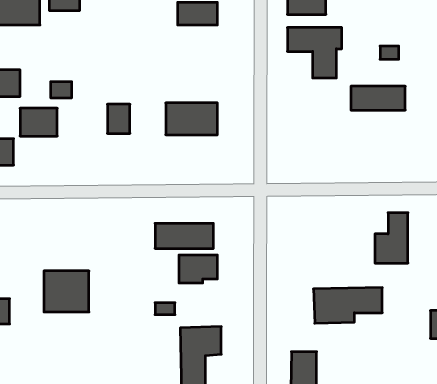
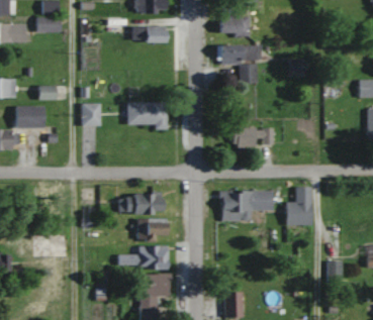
building: [351,86,405,110] -> [234,127,275,145]
building: [313,288,382,323] -> [220,190,273,217]
building: none -> [138,246,168,269]

